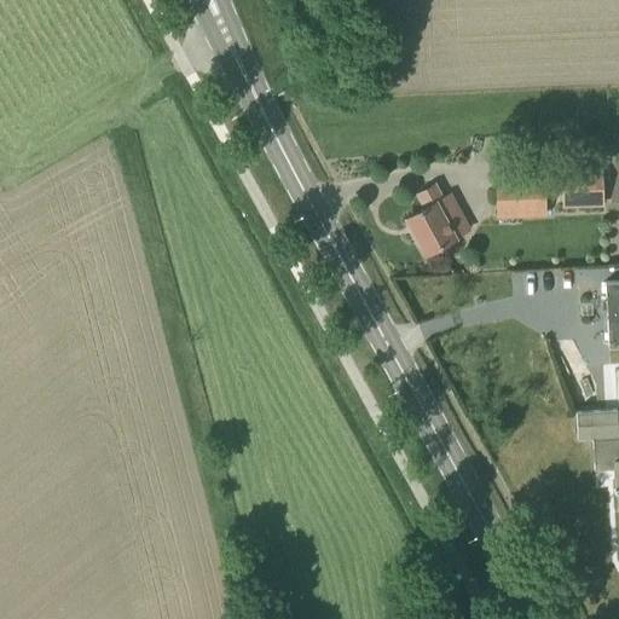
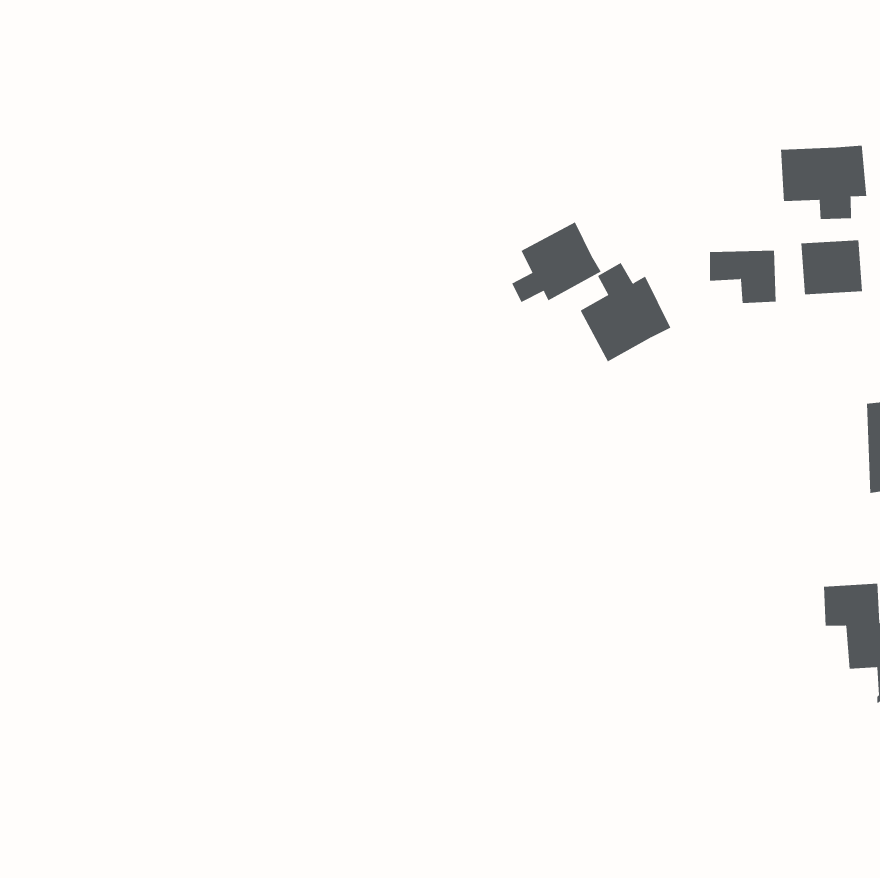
building: none -> [780,145,867,220]
building: none -> [512,221,601,303]

